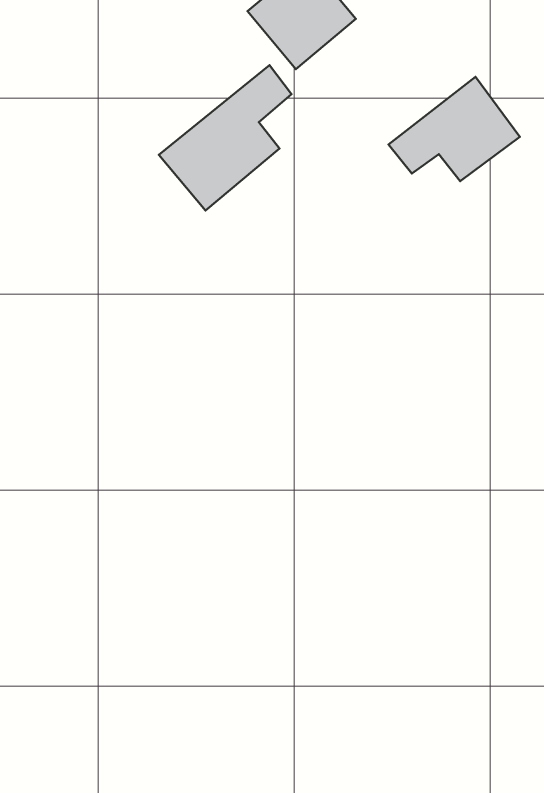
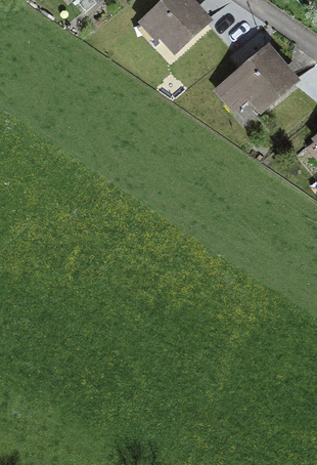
building: [159,65,291,211] -> none

